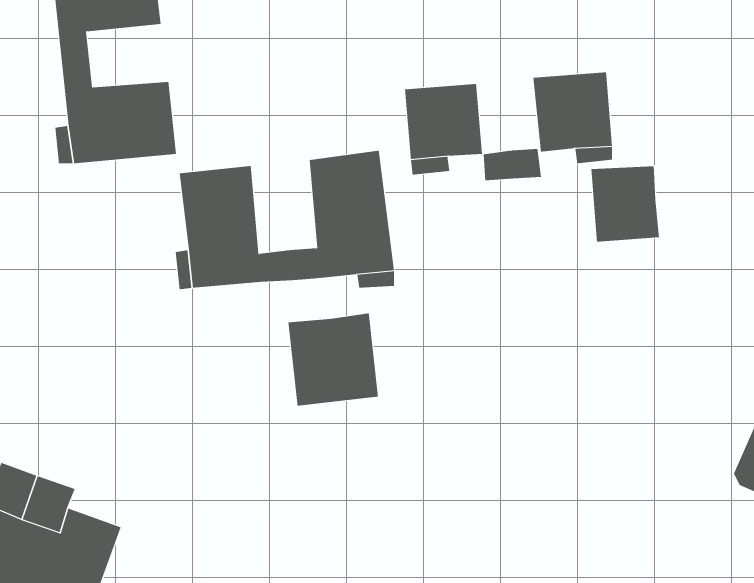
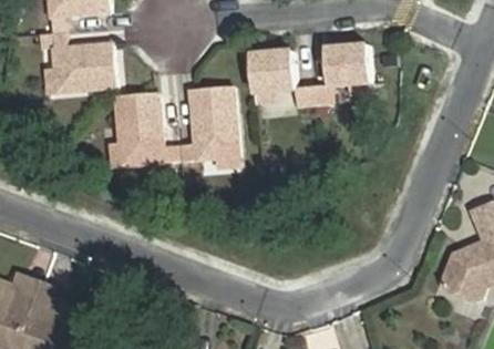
building: [591,166,660,243] -> none
building: [288,313,379,406] -> none

